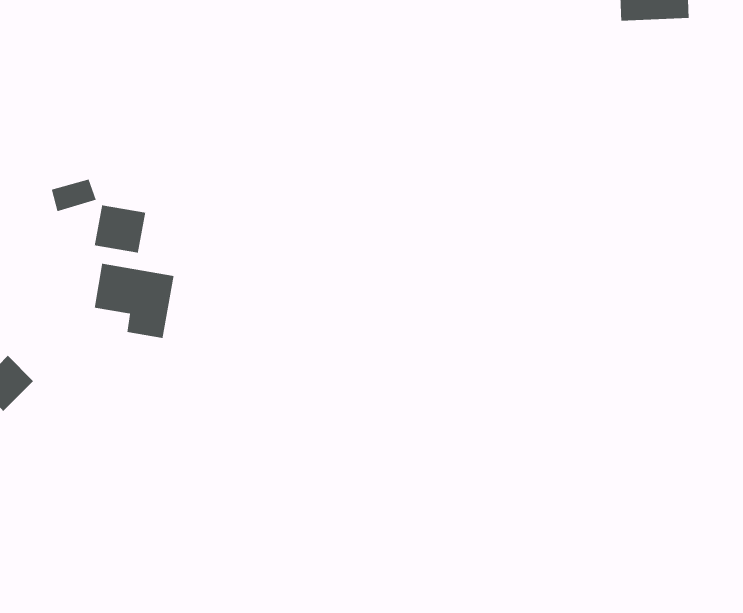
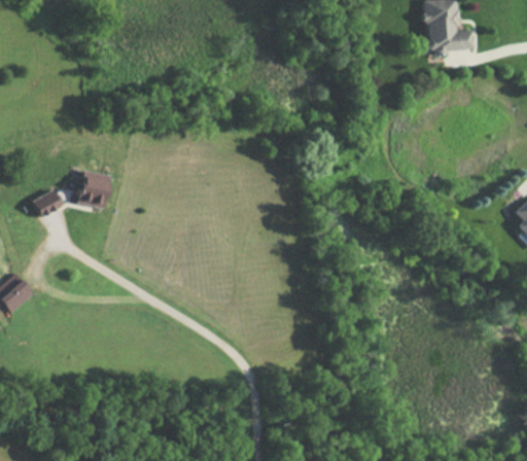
building: [51,179,97,212] -> [31,189,62,212]
building: [94,263,174,339] -> none

